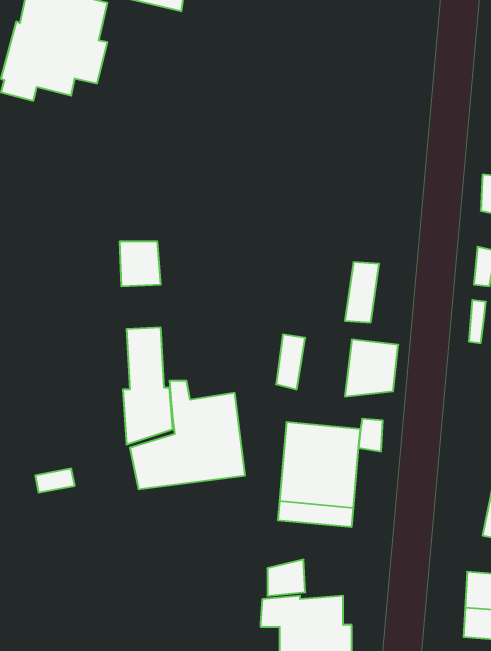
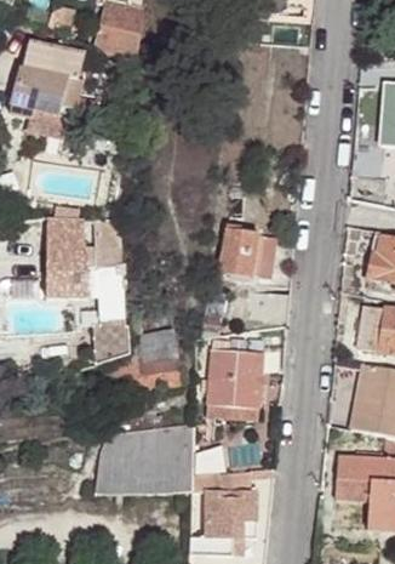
building: none -> [46,217,88,298]
building: none -> [218,230,258,277]
building: none -> [95,423,195,492]

